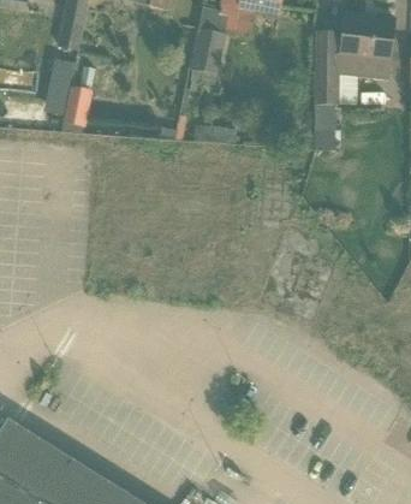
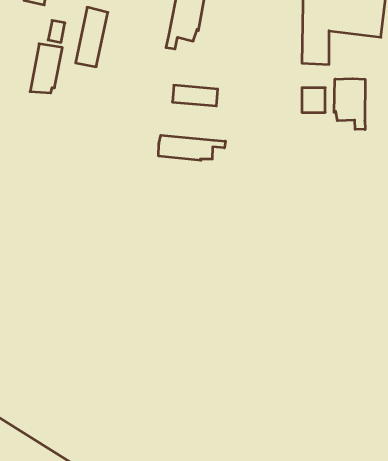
building: [43,61,73,117] -> [76,7,108,67]
building: none -> [334,79,365,130]
building: none -> [159,135,225,160]

